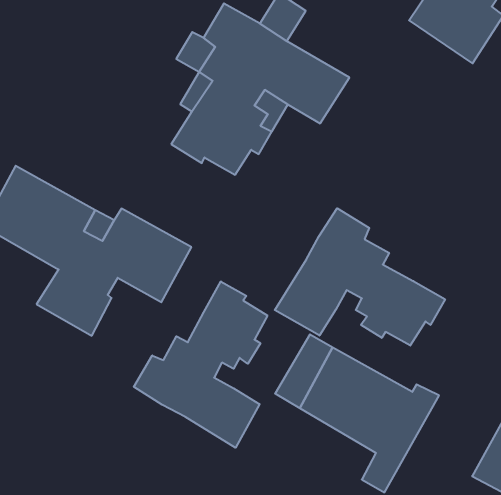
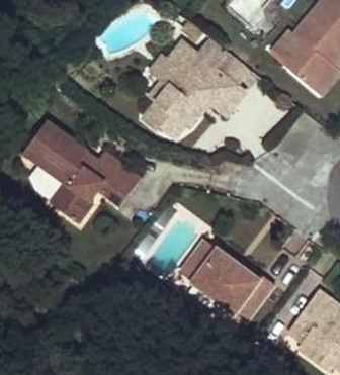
building: [275,208,445,346] -> none
building: [134,281,267,448] -> none

